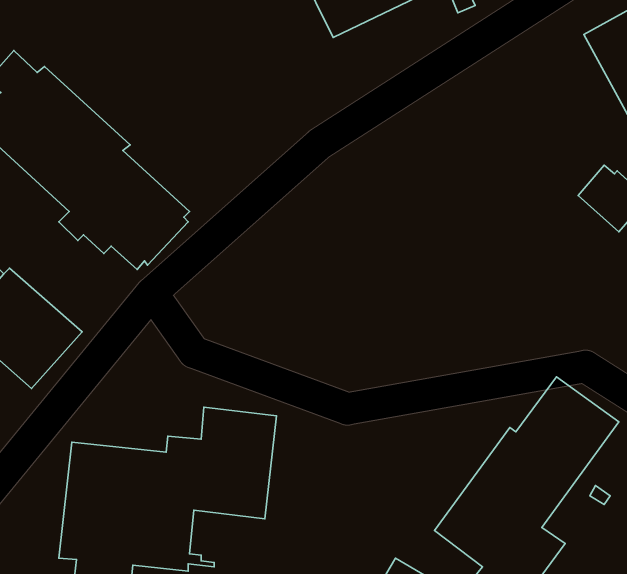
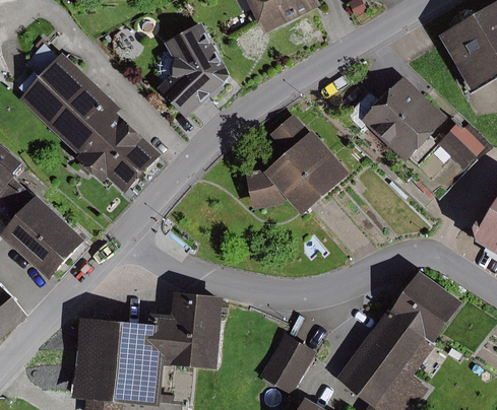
building: none -> [153,21,231,119]
building: none -> [345,76,446,162]
building: none -> [244,115,350,215]
building: none -> [260,334,314,395]

